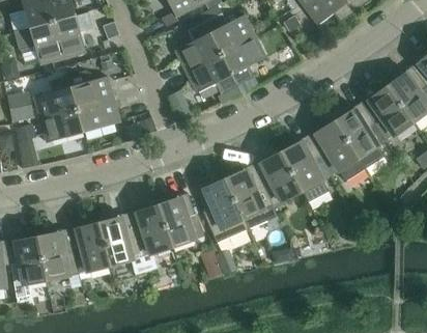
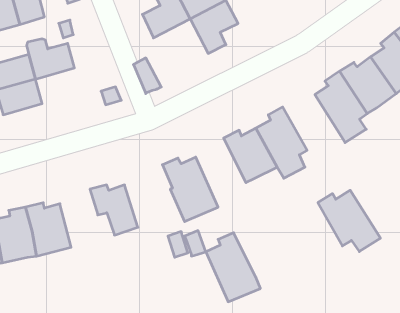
building: [188,53,238,93] -> none
building: [78,99,120,132] -> none
building: [308,123,366,181] -> [318,190,380,252]
building: [227,164,278,228] -> [206,233,260,302]
building: [161,192,205,247] -> none
building: [101,212,142,266] -> none

